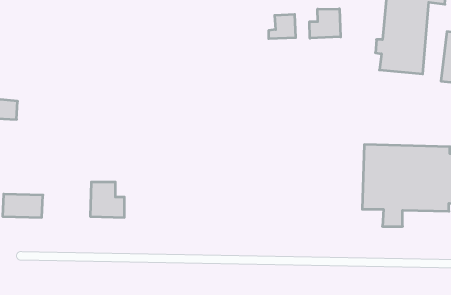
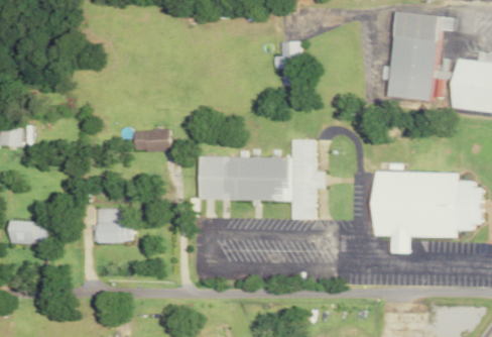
building: [310,9,341,38] -> none
building: none -> [135,130,170,151]
building: none -> [197,139,324,220]

